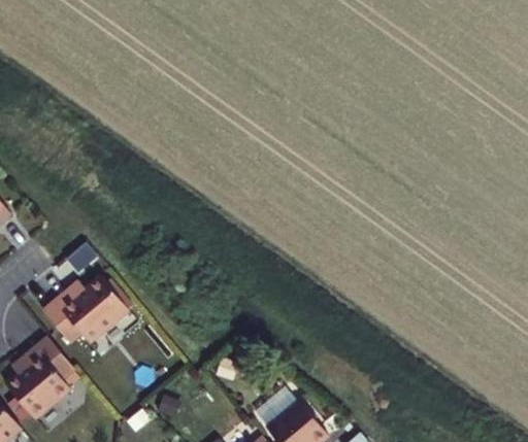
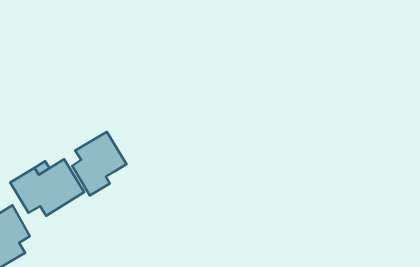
building: none -> [72,132,126,196]

